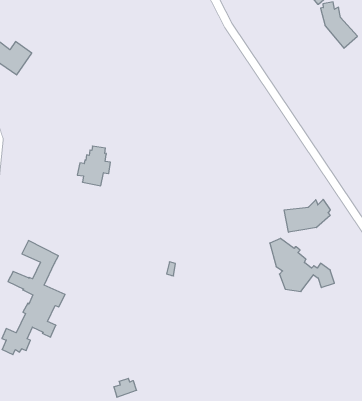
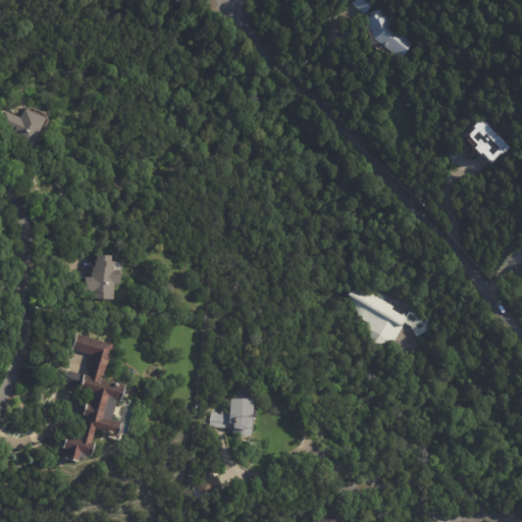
building: [77,146,110,186] -> [85,255,120,299]
building: [284,199,330,232] -> none
building: none -> [210,389,255,435]

